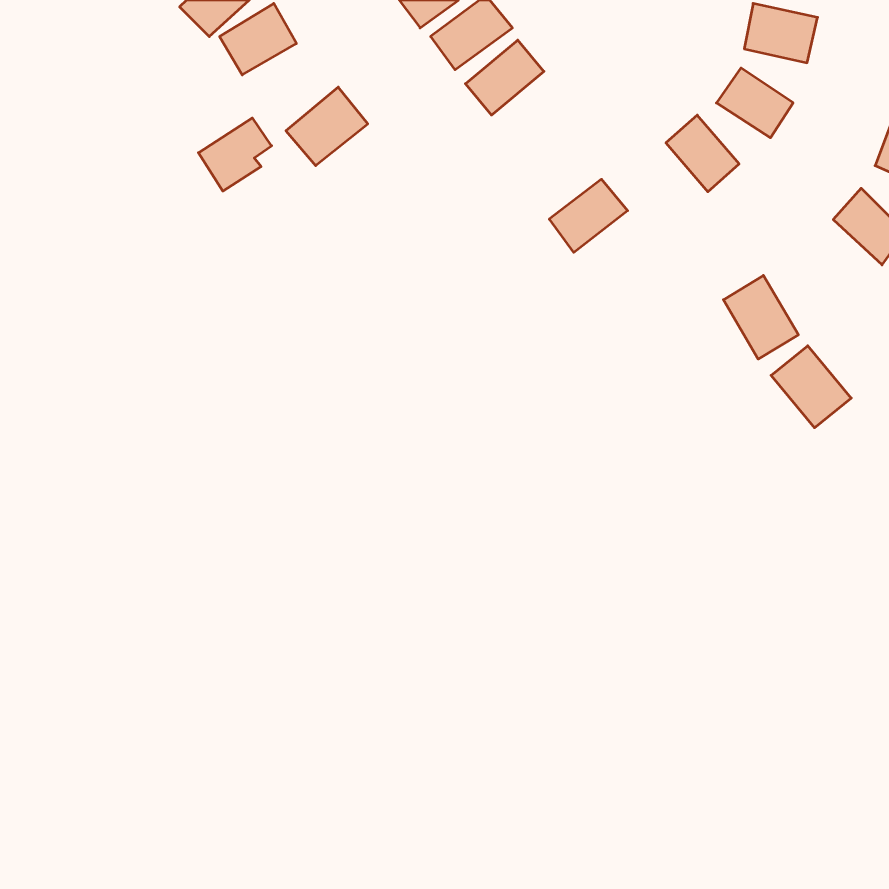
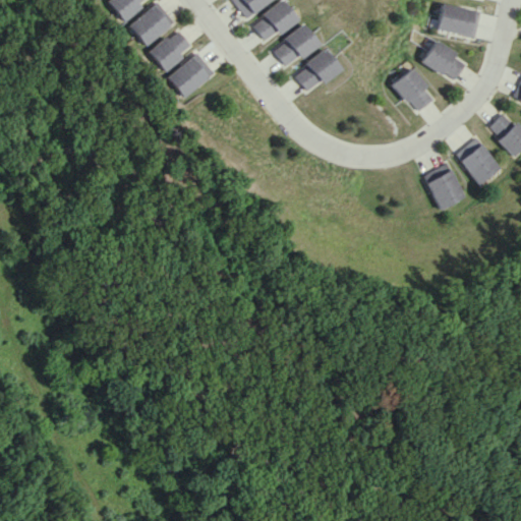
building: [198,118,272,191] -> [149,30,191,72]
building: [549,179,628,252] -> [293,50,339,93]
building: [771,346,851,428] -> [455,137,502,185]

